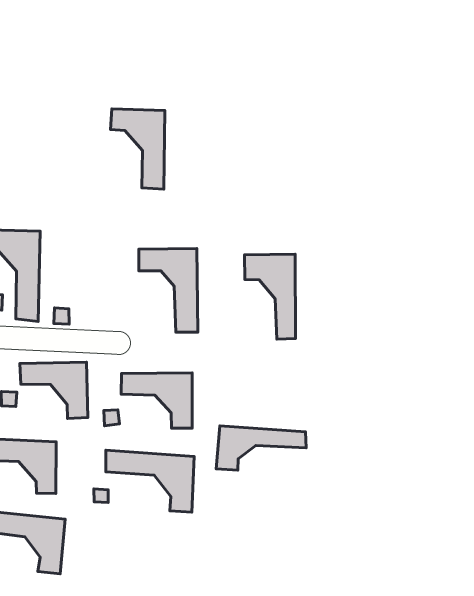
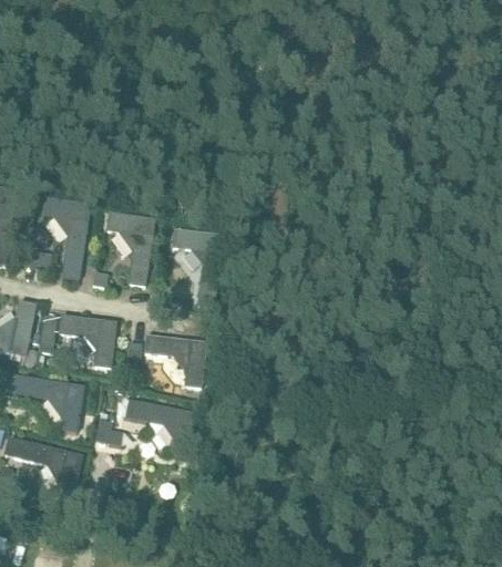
building: [111,109,165,189] -> [105,212,154,286]
building: [245,254,296,339] -> none
building: [216,426,306,470] -> none

